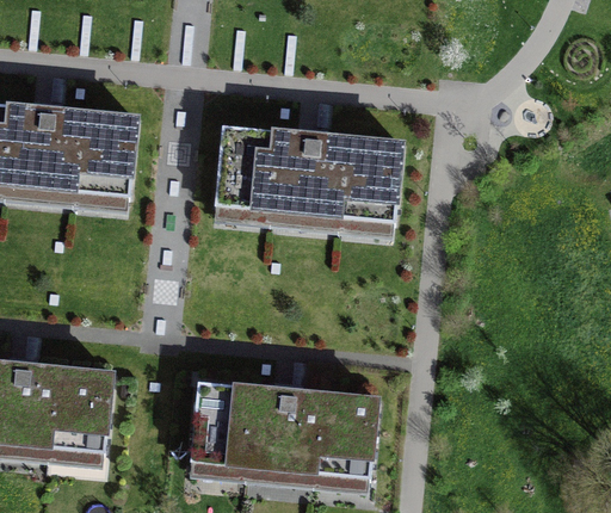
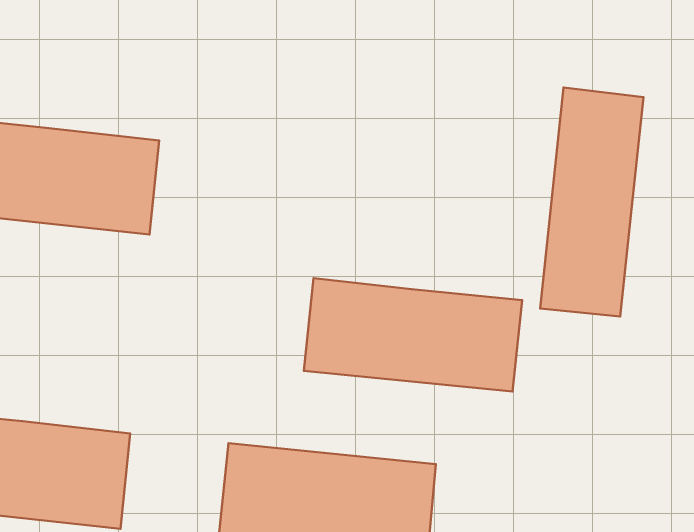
building: none -> [540,88,643,316]
building: [215,132,403,230] -> [304,278,522,391]

